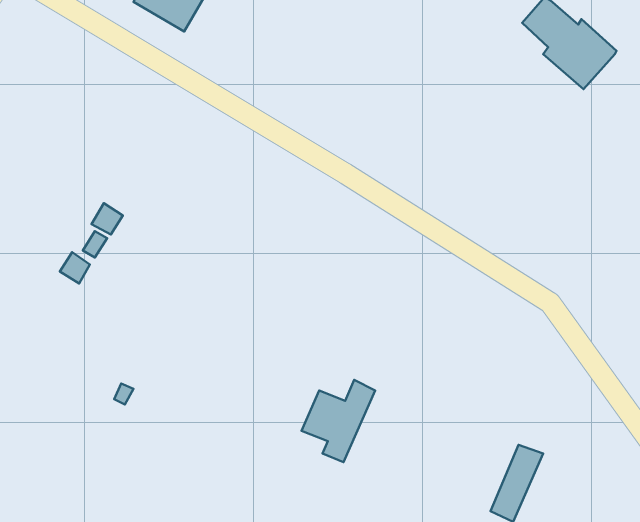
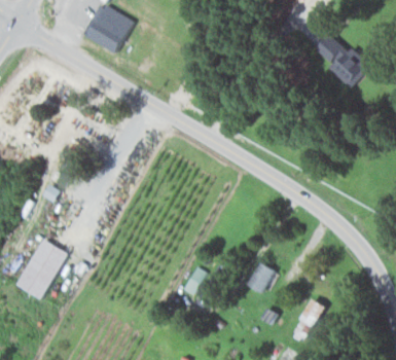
building: none -> [15,238,68,298]
building: none -> [248,260,277,293]

